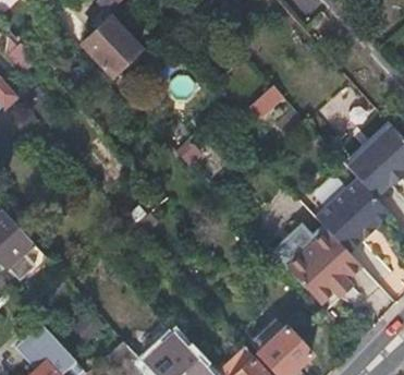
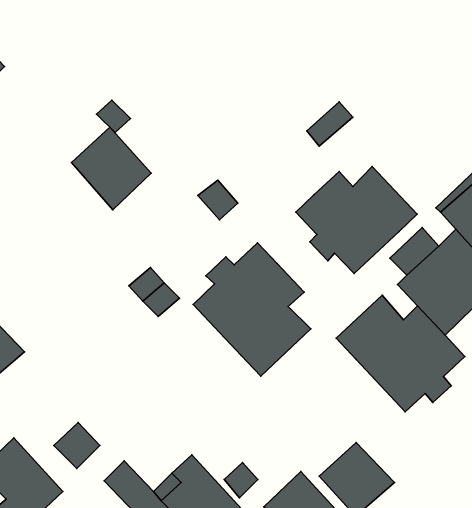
building: [82,17,138,76] -> [71,127,151,210]
building: none -> [296,167,417,274]
building: none -> [193,243,311,376]

